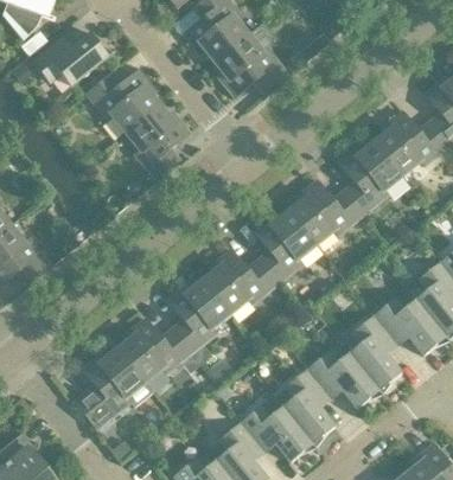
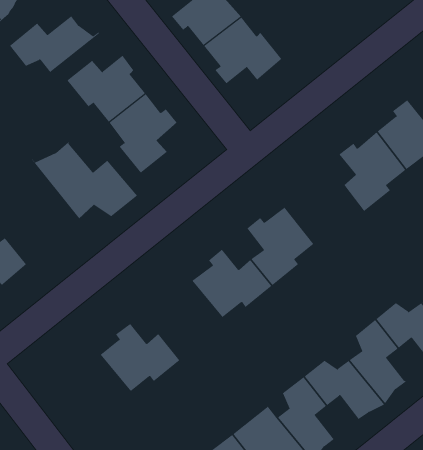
building: none -> [28,142,138,219]
building: [289,179,363,244] -> none
building: [168,279,231,352] -> none
building: [75,347,153,428] -> none

